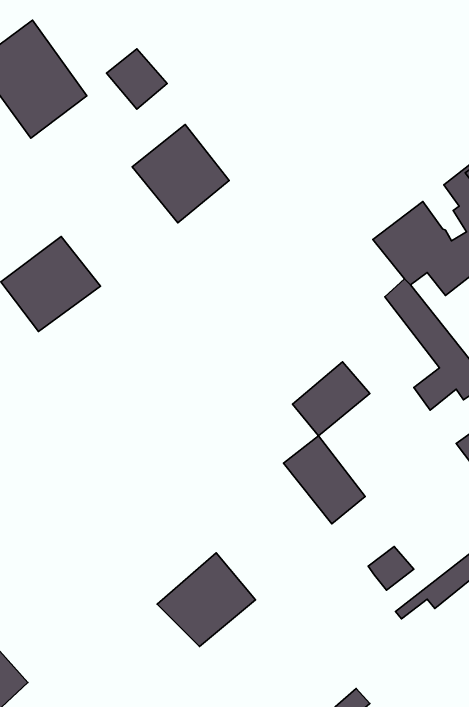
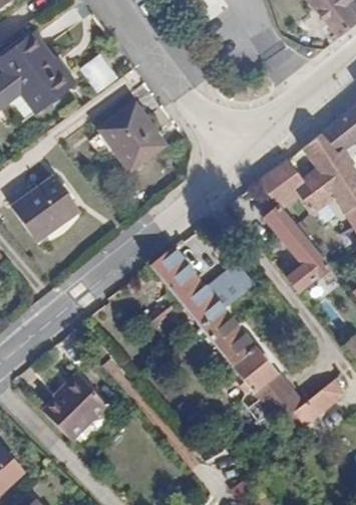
building: none -> [149,245,224,327]
building: none -> [233,349,274,391]
building: [157,553,256,647] -> [45,375,110,438]

